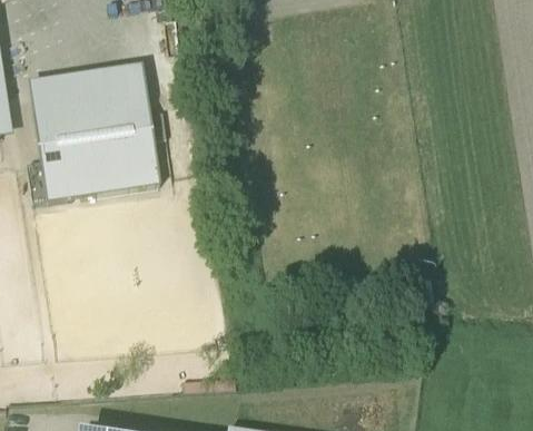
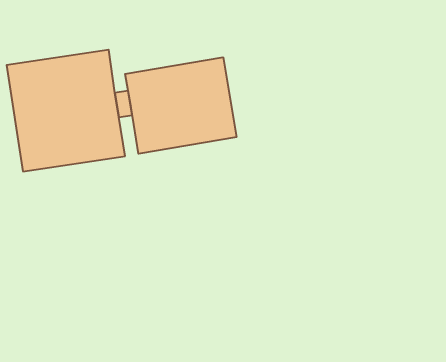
building: none -> [125,57,236,154]

